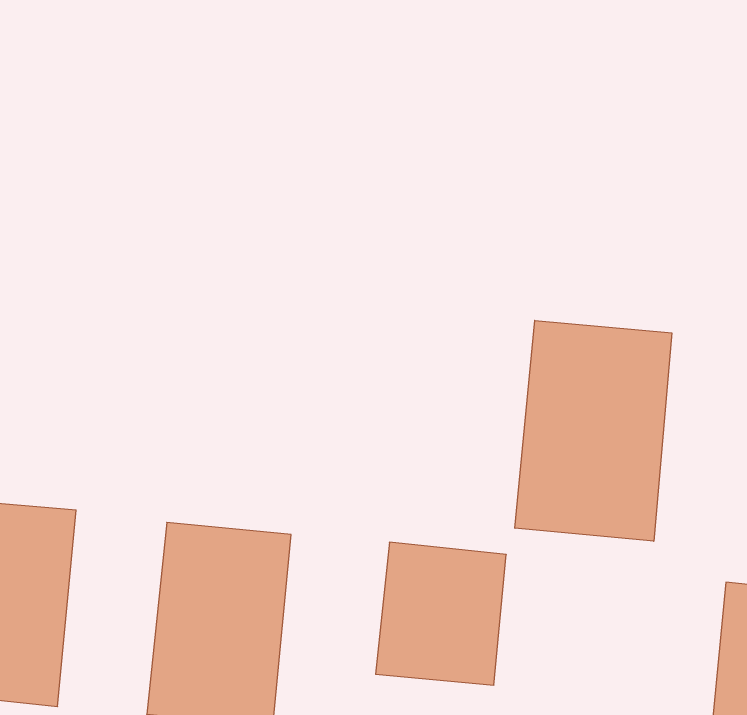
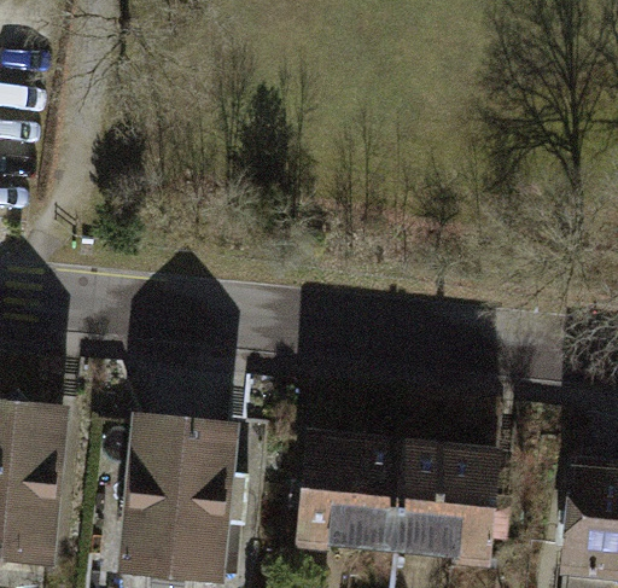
building: [515,320,672,541] -> none
building: none -> [395,446,497,558]

